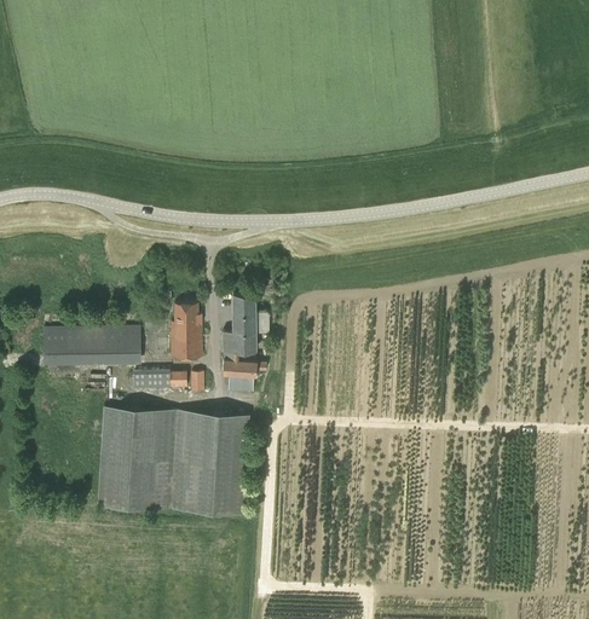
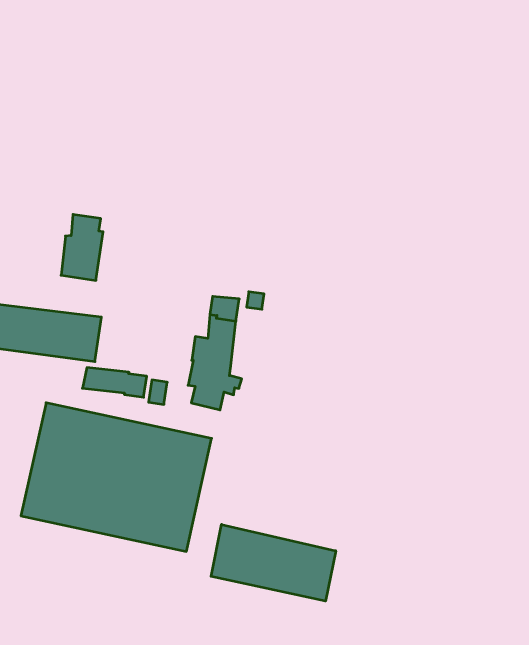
building: [171,305,202,358] -> [61,214,103,280]
building: none -> [211,524,336,601]

